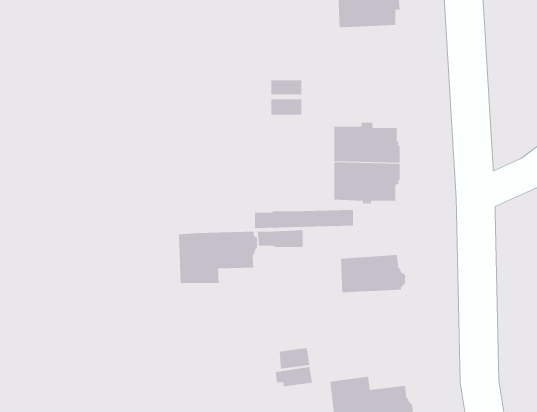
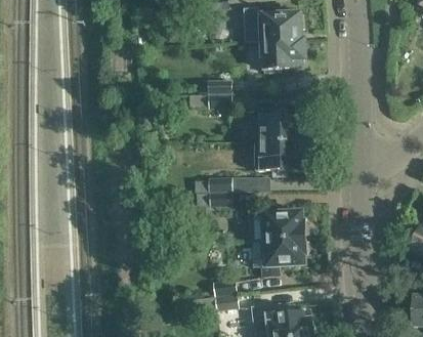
building: none -> [256,39,303,72]
building: [178,231,258,284] -> none
building: none -> [249,238,307,267]

